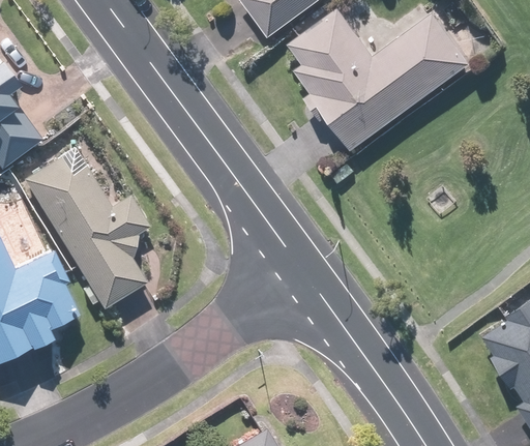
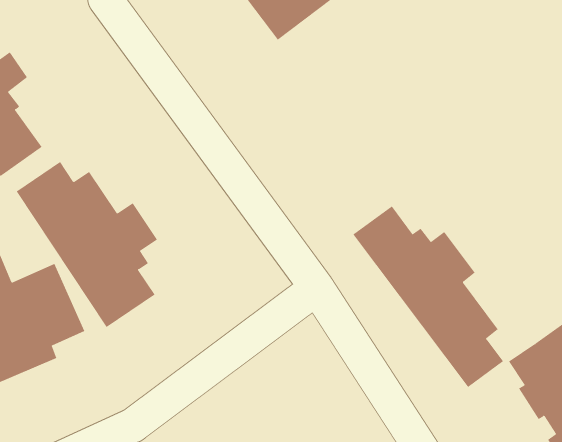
building: [286,12,465,154] -> none
building: none -> [352,205,504,388]

